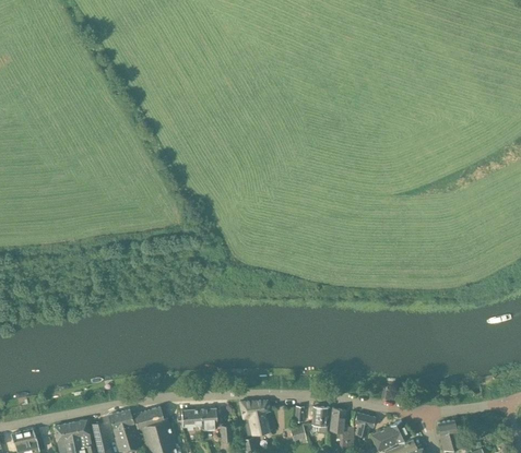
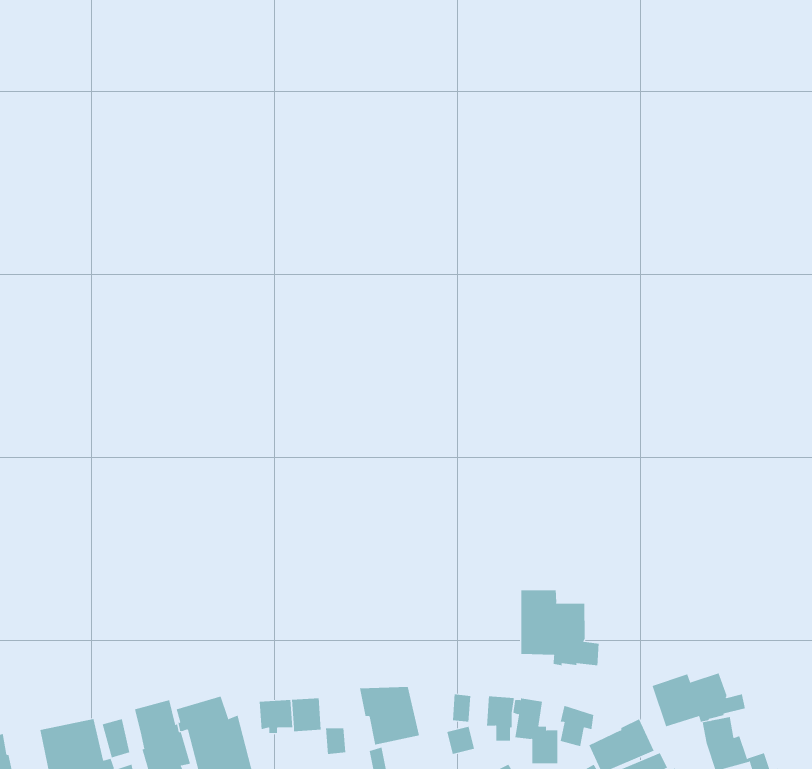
building: none -> [521,590,599,666]
building: none -> [652,673,746,727]

